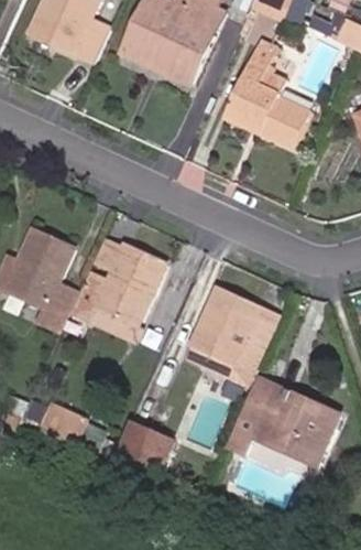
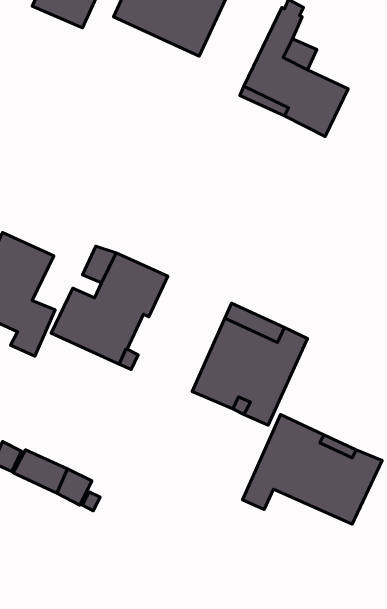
building: [116,421,172,472] -> none

